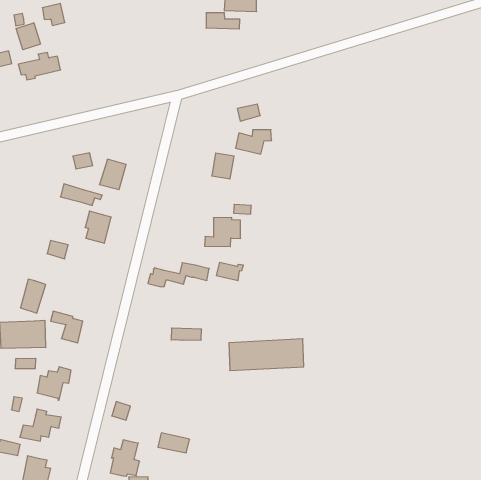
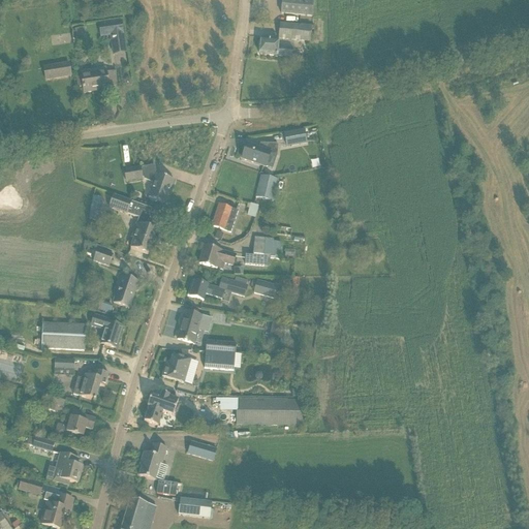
building: [16,23,41,50] -> none
building: [236,130,272,154] -> [242,141,277,164]
building: none -> [212,201,238,229]
building: none -> [199,244,235,268]
building: [20,279,46,313] -> [113,274,138,307]
building: none -> [177,310,210,342]
building: [229,339,304,371] -> [236,396,308,424]
building: none -> [204,349,235,368]
building: none -> [161,352,191,381]
building: none -> [147,390,178,413]

